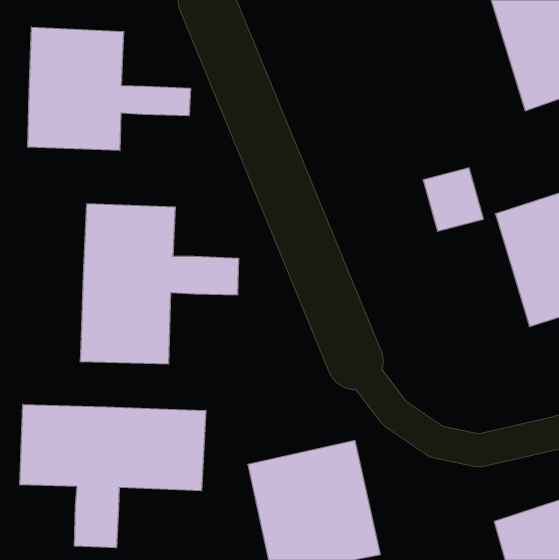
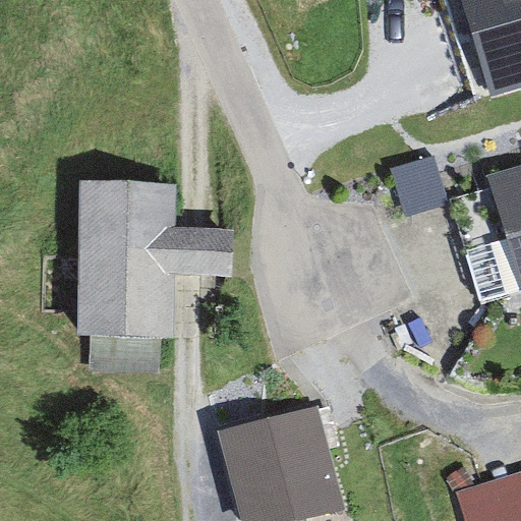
building: [28,27,191,151] -> none
building: [20,404,206,548] -> none

